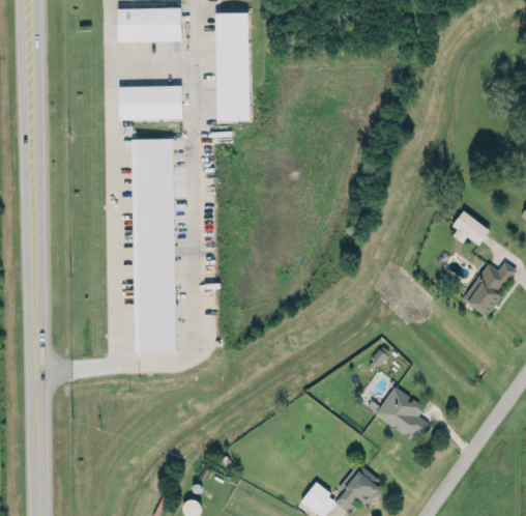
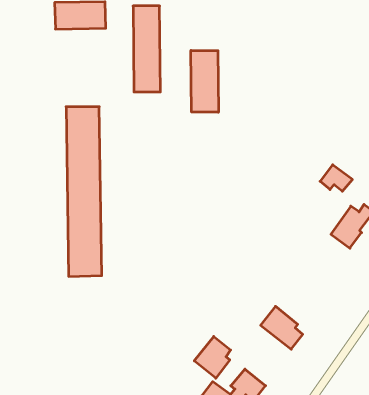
building: none -> [191,50,218,112]
building: [119,85,182,119] -> none
building: none -> [194,336,231,378]

